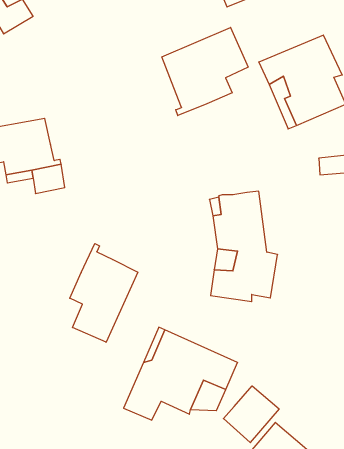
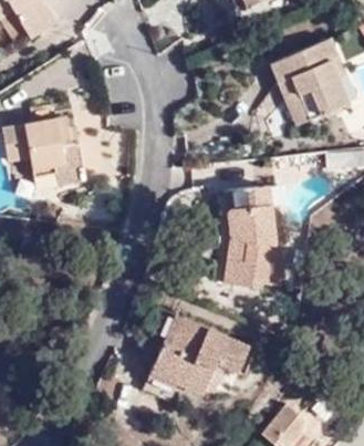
building: [162,27,248,116] -> none
building: [70,244,138,342] -> none
building: [223,386,279,443] -> none

